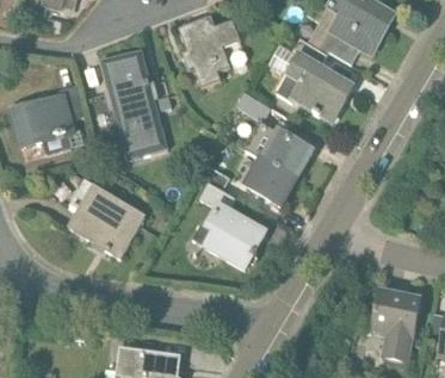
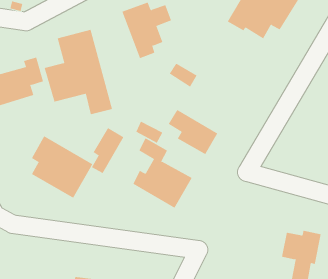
building: [276,37,351,119] -> none
building: [245,126,313,178] -> none
building: none -> [91,127,124,174]

